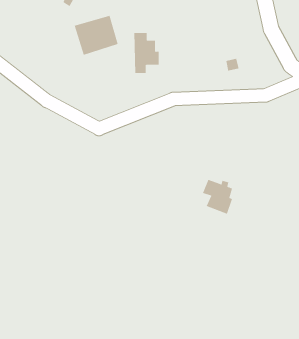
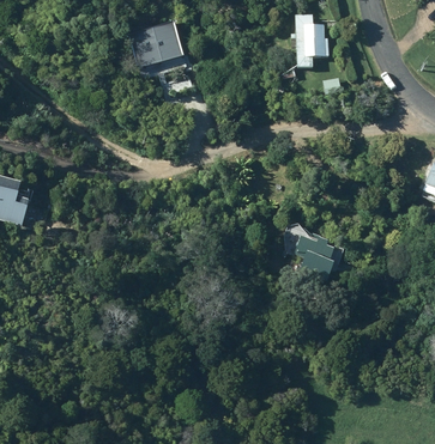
building: [133,33,160,74] -> [296,17,330,69]

